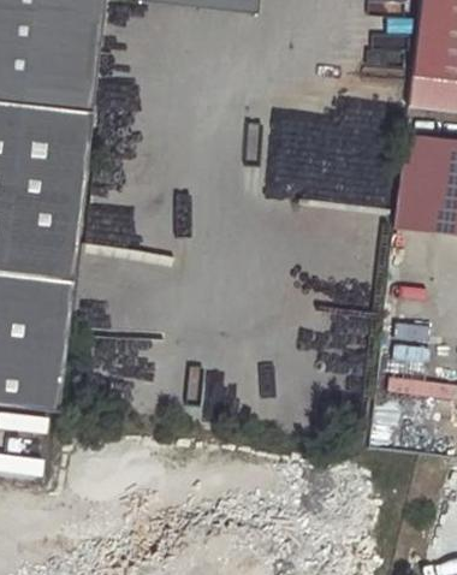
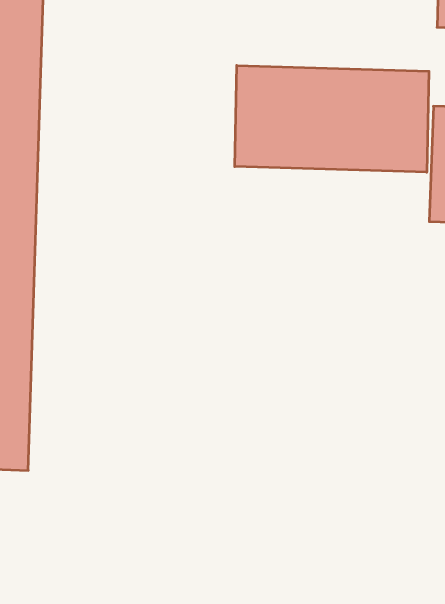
building: none -> [235,65,429,172]

